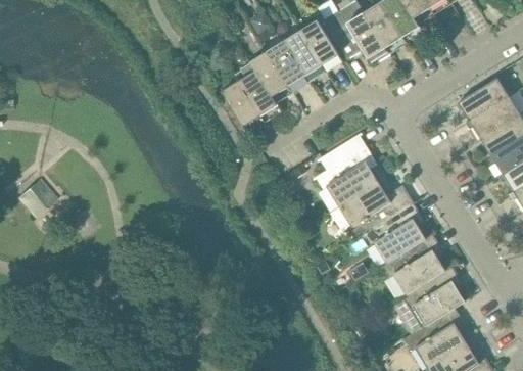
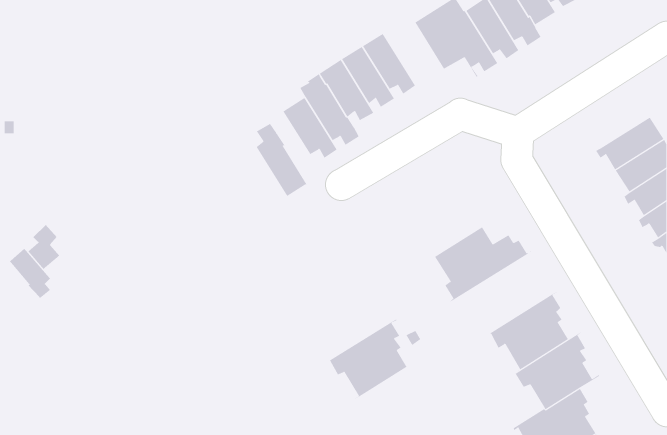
building: [299,18,342,71] -> none
building: [458,77,508,120] -> none
building: none -> [249,123,307,197]
building: [313,132,377,204] -> none
building: none -> [9,248,56,299]
building: [351,200,435,266] -> [314,319,421,403]

